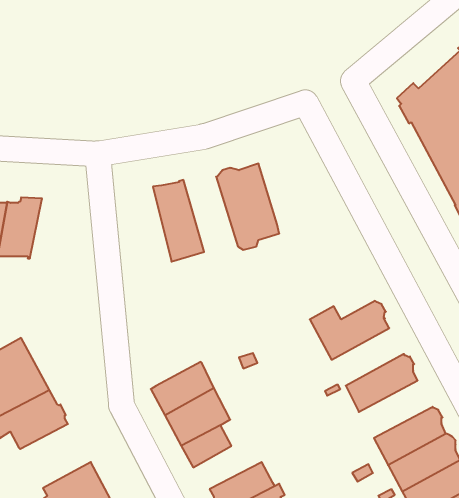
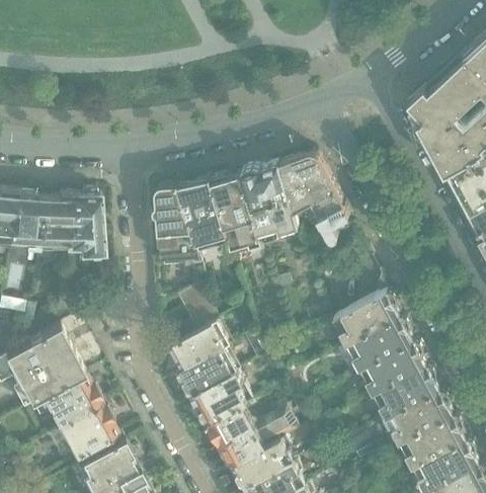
building: none -> [279,155,354,240]
building: none -> [210,175,266,265]
building: none -> [156,185,198,273]
building: none -> [67,192,103,259]
building: none -> [171,284,231,372]
building: none -> [347,318,414,372]
building: none -> [373,366,440,420]
building: none -> [58,407,117,460]
building: none -> [219,409,300,470]

